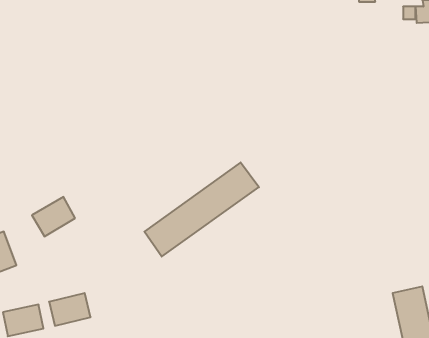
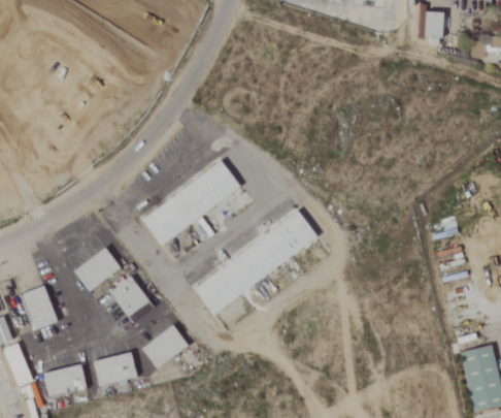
building: none -> [142,160,240,245]
building: none -> [109,276,154,324]
building: none -> [141,325,188,369]

